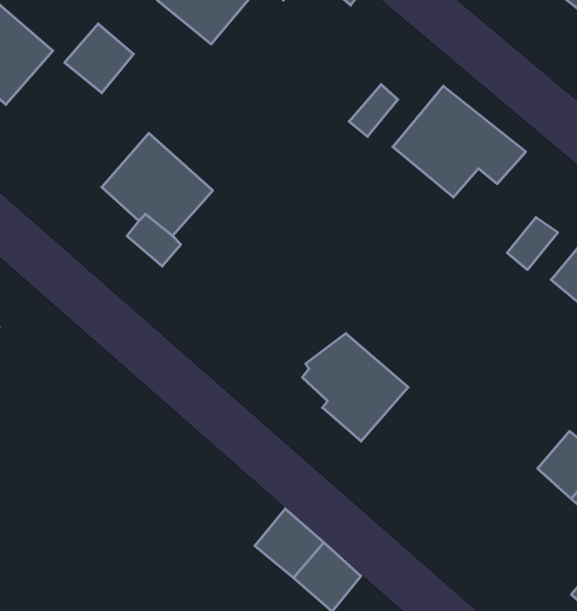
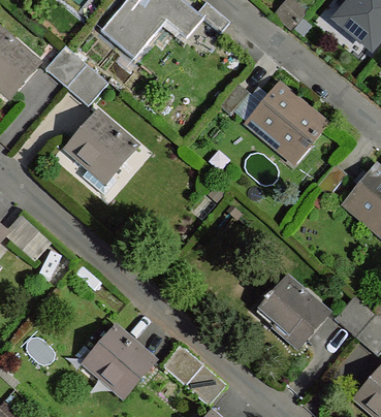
building: none -> [67,64,108,106]
building: [302,333,408,441] -> [261,279,326,345]
building: none -> [89,327,154,394]

